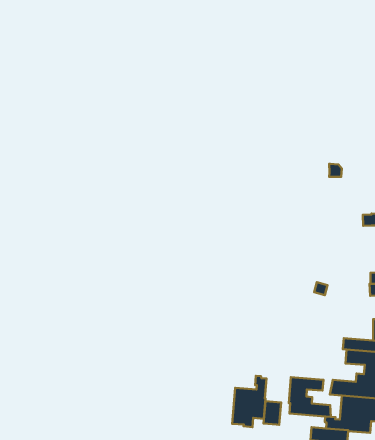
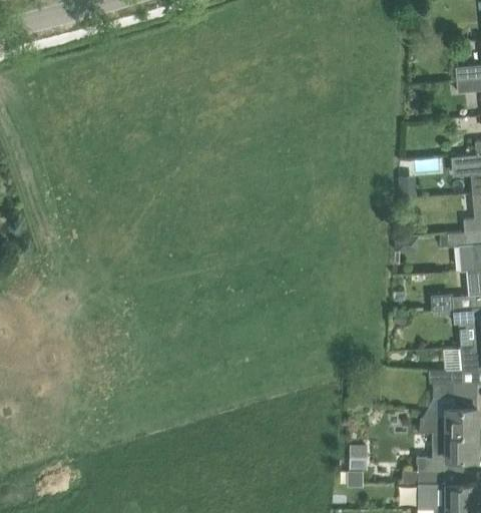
building: [232,376,266,427] -> none
building: [289,377,331,417] -> none

